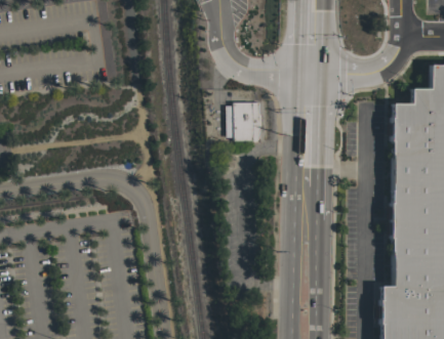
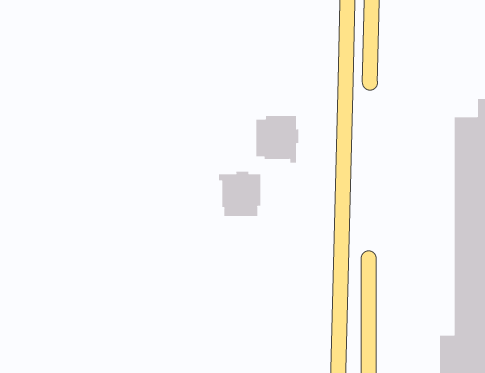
building: none -> [219,171,261,217]

